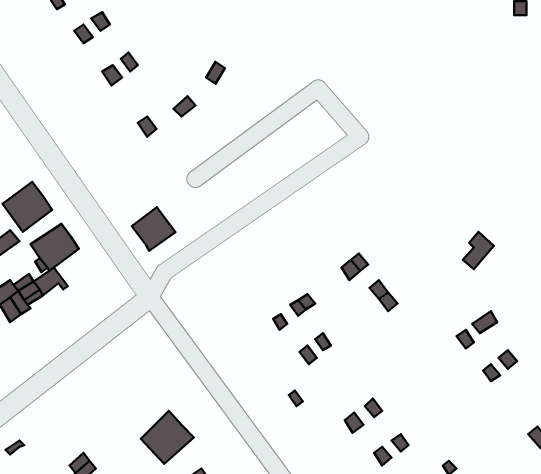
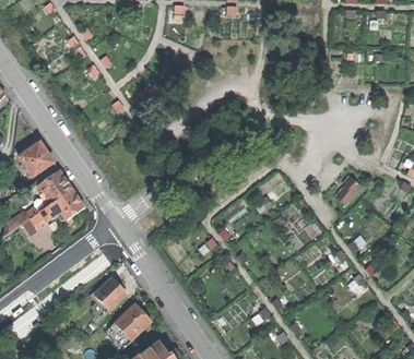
building: [132,207,176,251] -> [52,190,83,220]
building: none -> [94,278,125,310]

